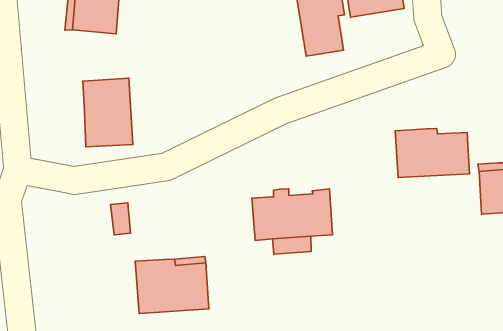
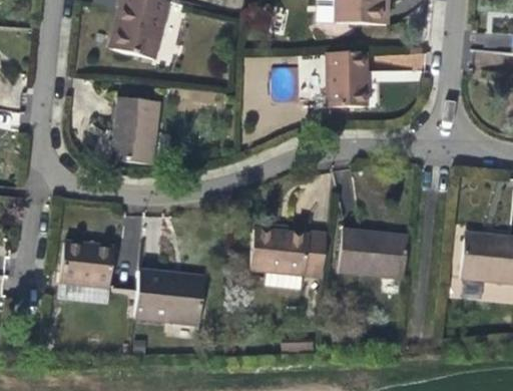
building: [395,128,469,178] -> [340,228,409,278]
building: none -> [60,242,114,286]

